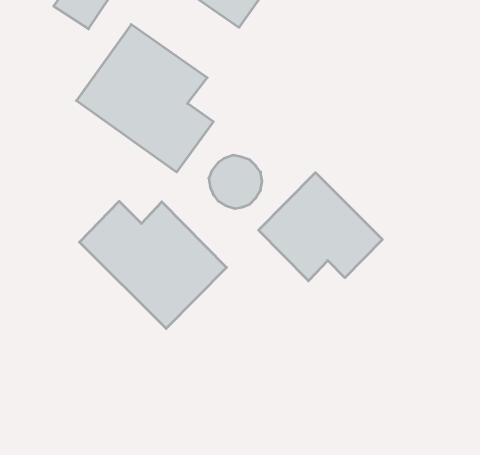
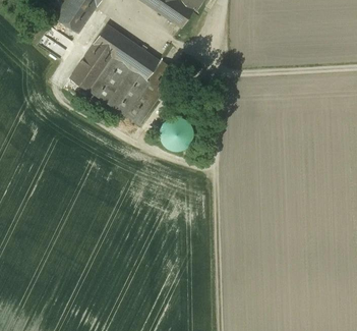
building: [259,173,382,281] -> none
building: [79,201,227,329] -> none

